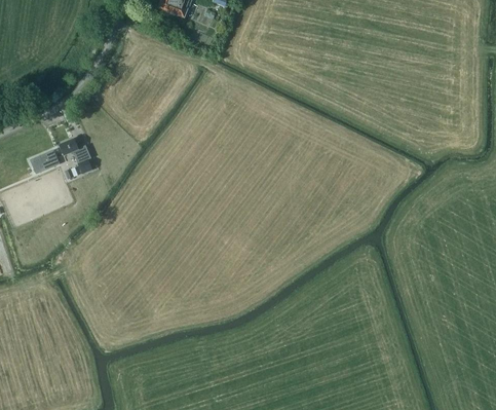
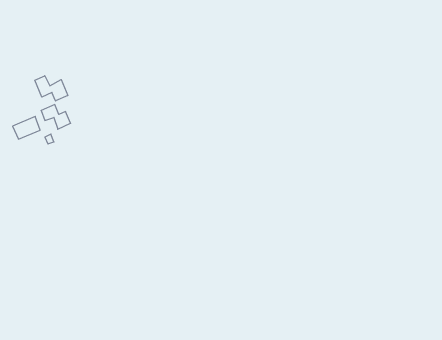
building: none -> [35,76,68,101]

